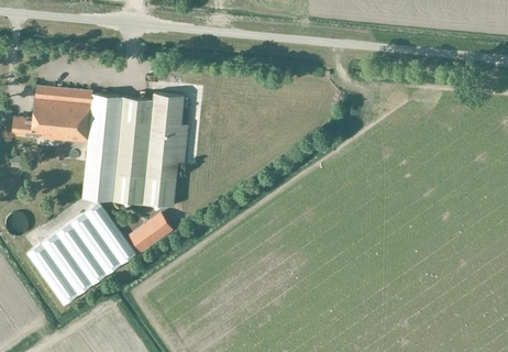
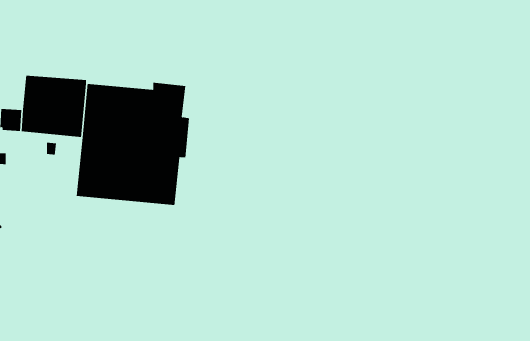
building: [26,202,135,305] -> none
building: [129,212,173,252] -> none

